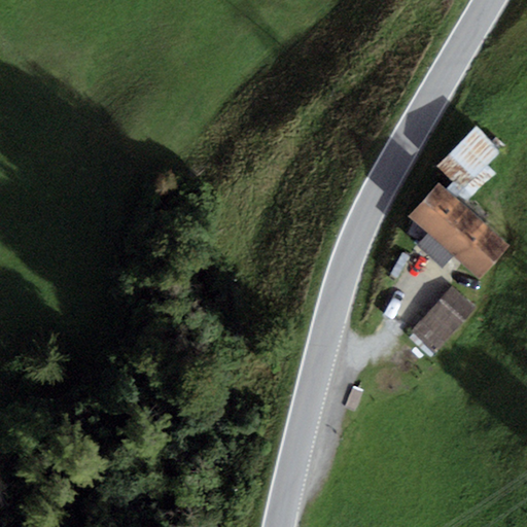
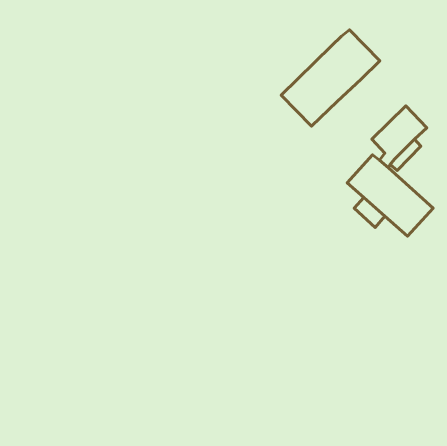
building: none -> [281,30,380,126]
building: [411,286,477,353] -> none

